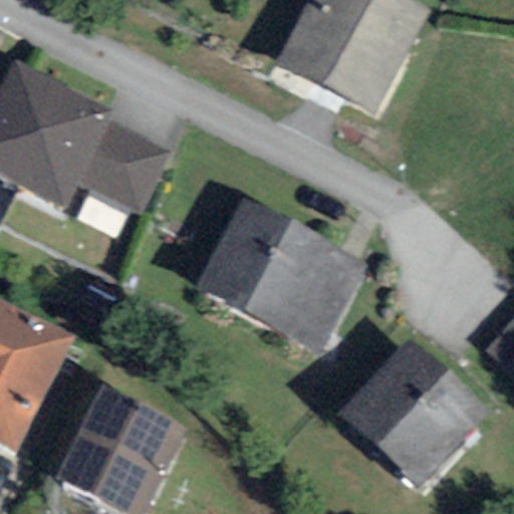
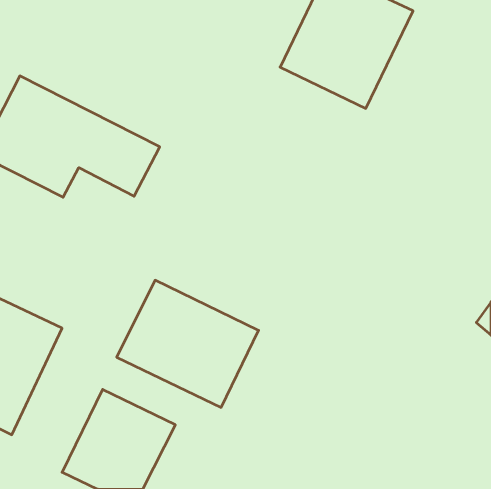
building: [206,210,350,339] -> [117,280,259,407]
building: [352,351,475,474] -> none

